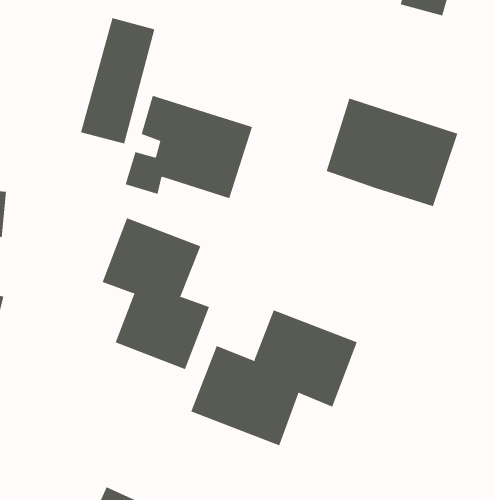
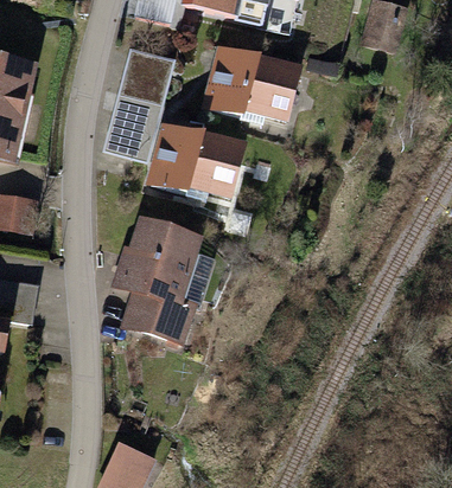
building: [326,98,458,207] -> [191,41,300,131]
building: [190,310,358,446] -> none

